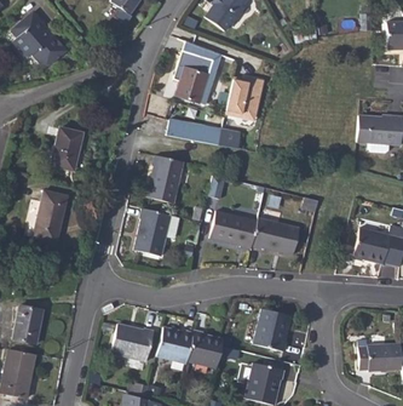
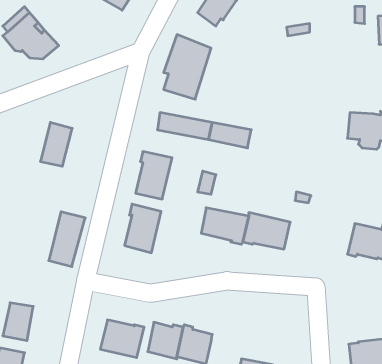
building: [221,74,261,116] -> none
building: [33,189,69,244] -> [49,212,85,267]
building: [251,307,287,349] -> none

